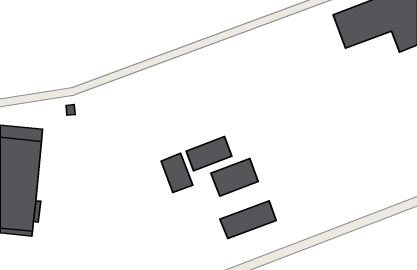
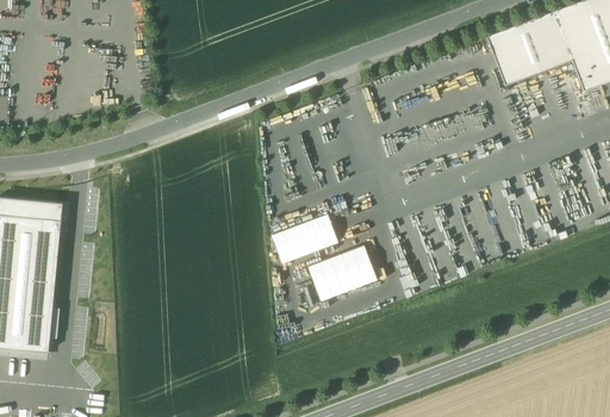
building: [161,153,193,192] -> none
building: [220,201,276,239] -> none

